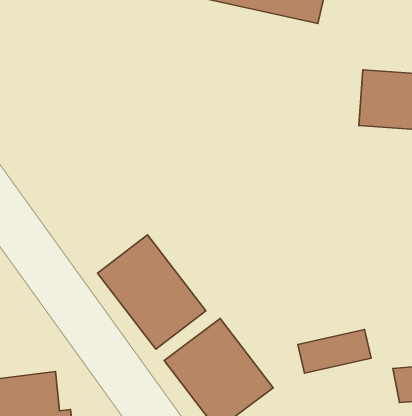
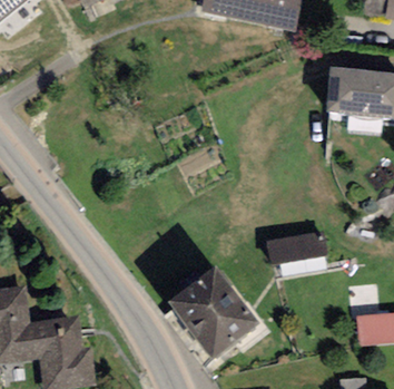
building: [98,235,206,349] -> none
building: [298,330,371,373] -> [267,228,327,264]

